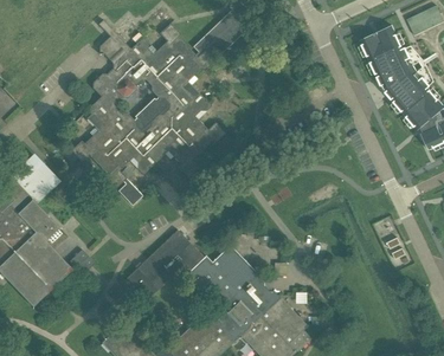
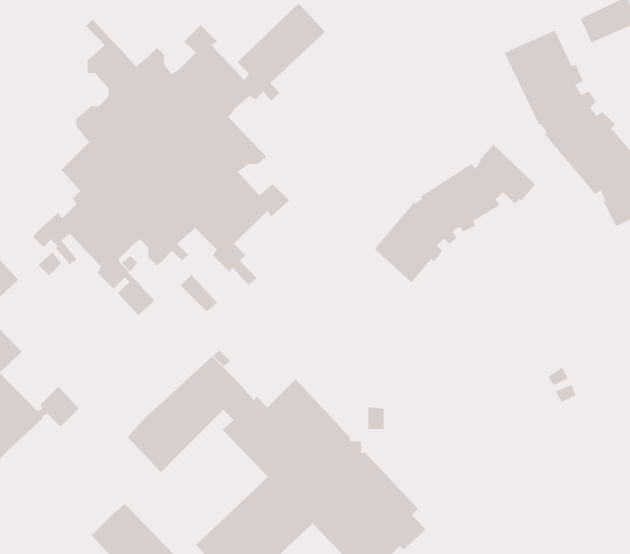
building: none -> [374,144,536,283]

